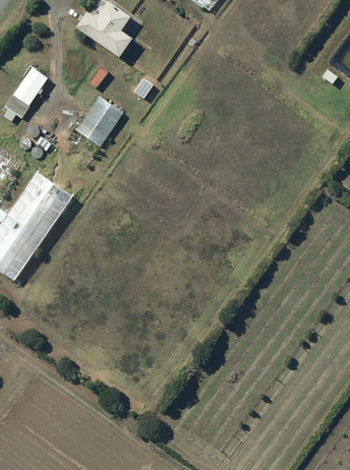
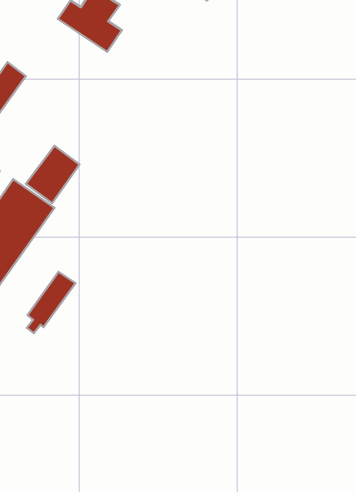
building: [73,97,121,148] -> [26,146,80,203]
building: none -> [27,272,75,333]

